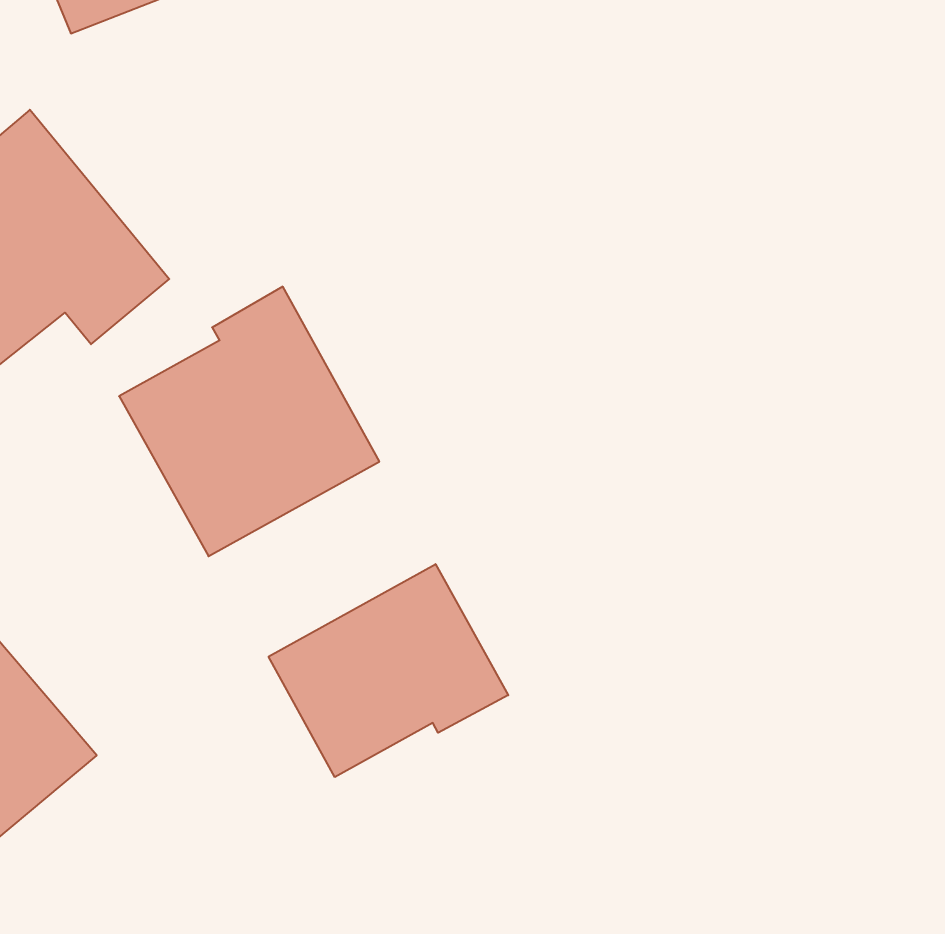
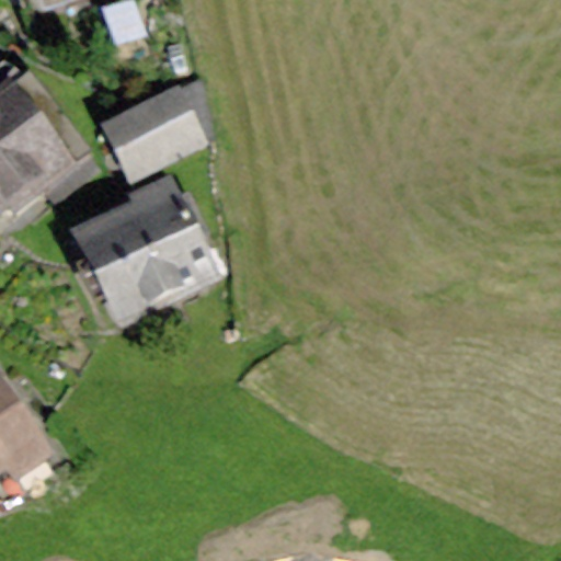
building: none -> [100,68,208,183]
building: [269,564,508,777] -> none

